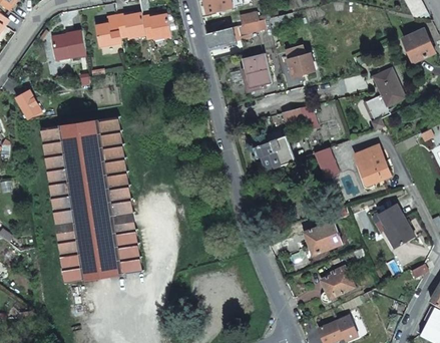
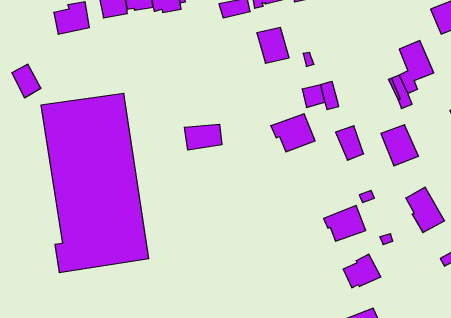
building: [288,54,314,76] -> none
building: none -> [184,124,222,150]

